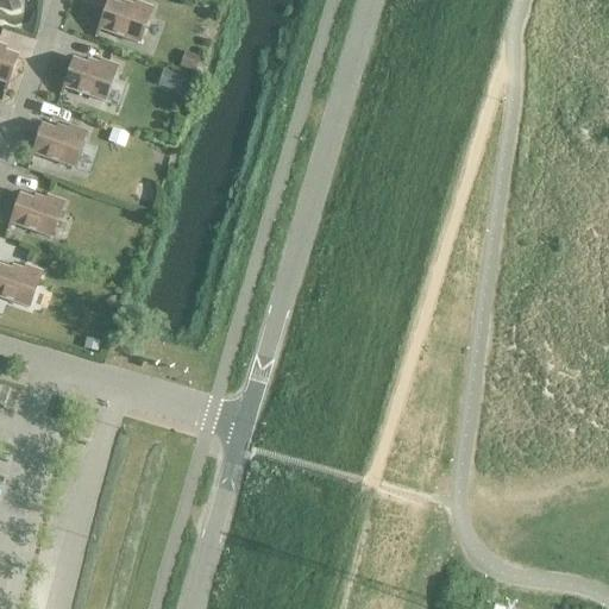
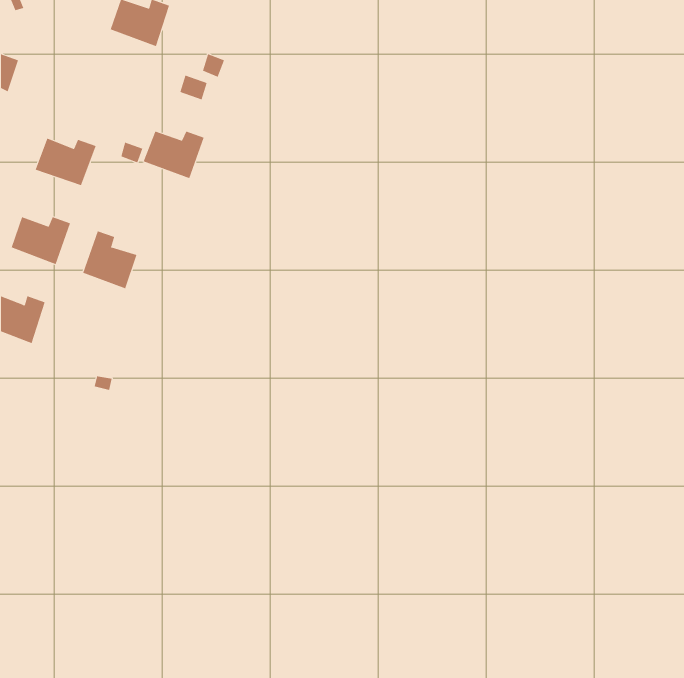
building: [62,57,117,100] -> [143,131,204,179]
building: none -> [83,230,137,289]

